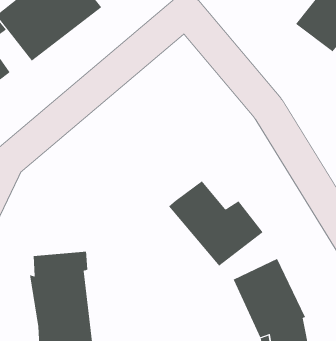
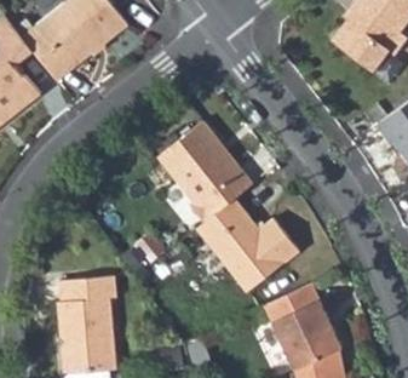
building: none -> [159,122,253,224]

